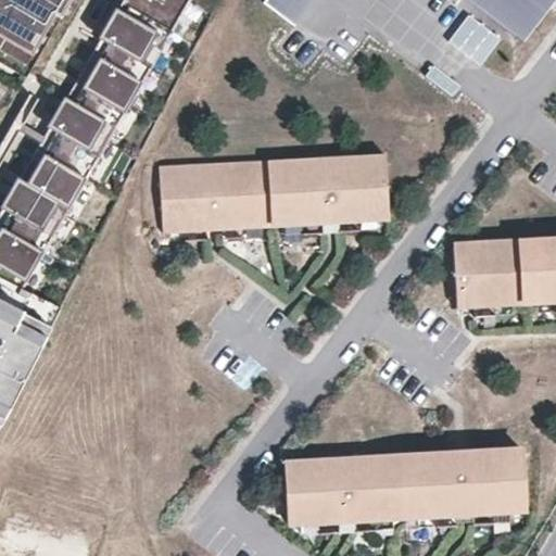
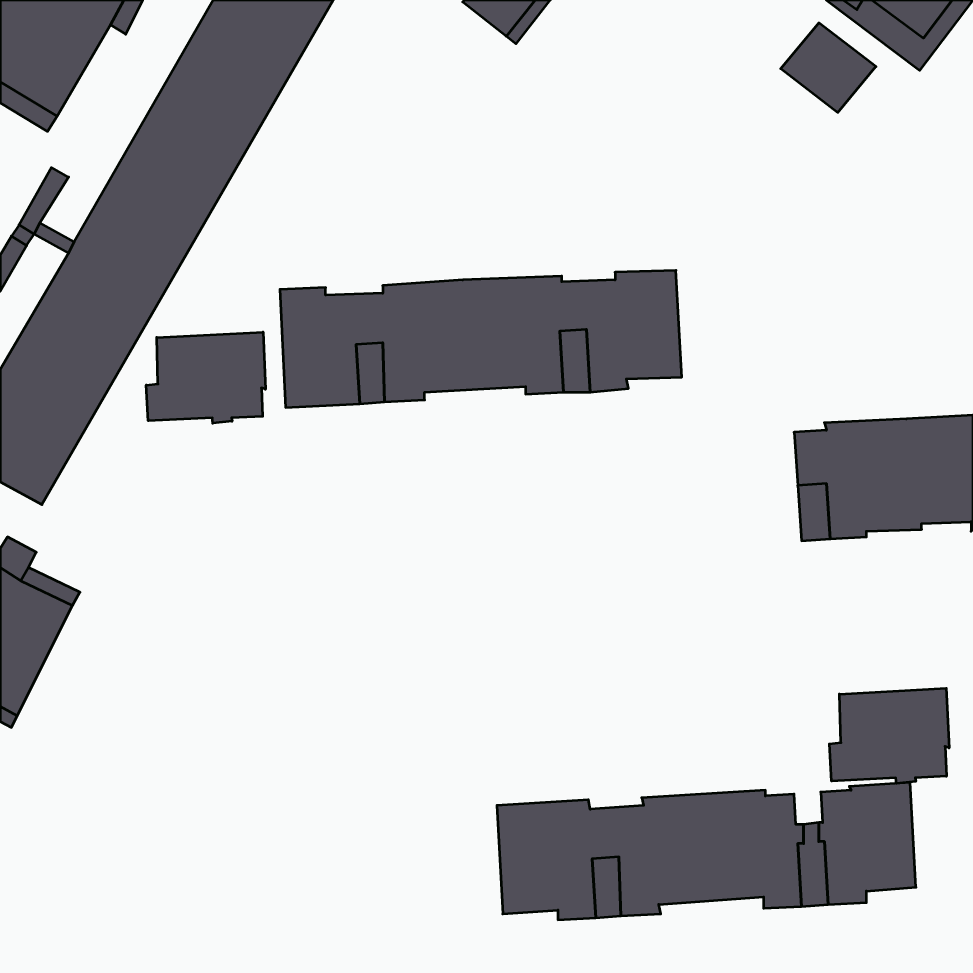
building: none -> [146,332,265,423]
building: none -> [829,688,949,783]

